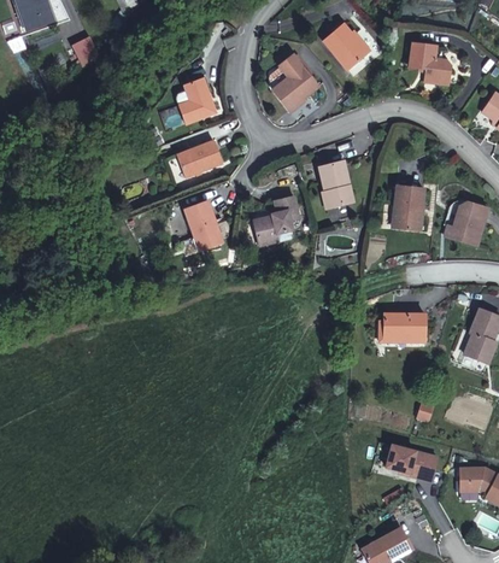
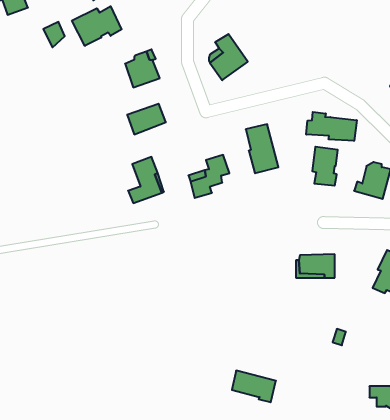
building: none -> [72,6,122,46]
building: [324,25,368,70] -> none
building: [410,43,451,87] -> none
building: none -> [306,112,357,141]
building: [384,445,436,482] -> [232,371,276,402]

